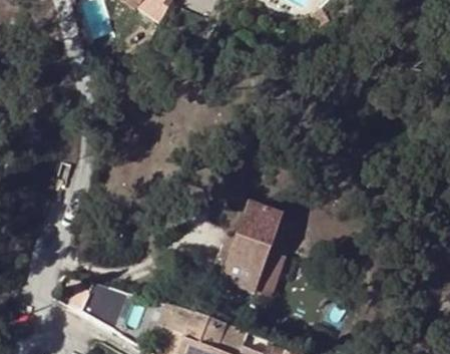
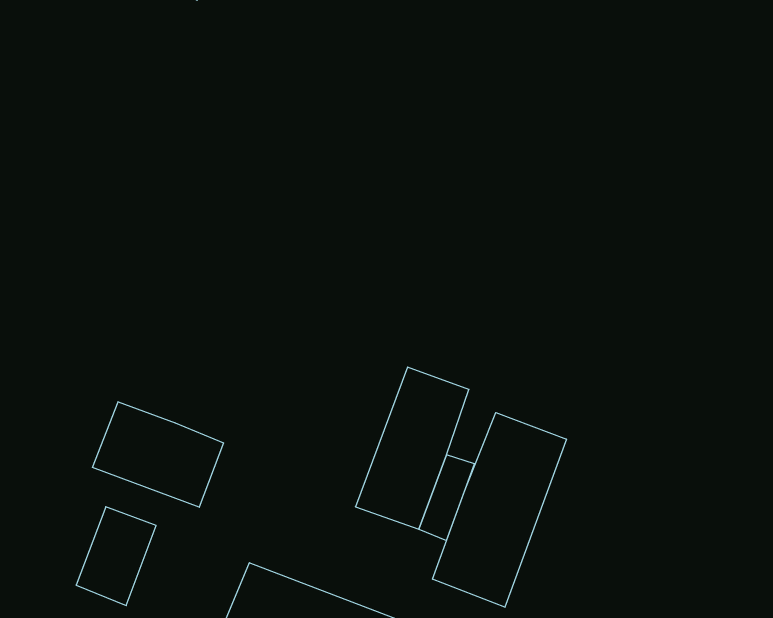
building: none -> [93,402,224,507]
building: none -> [433,413,566,607]

